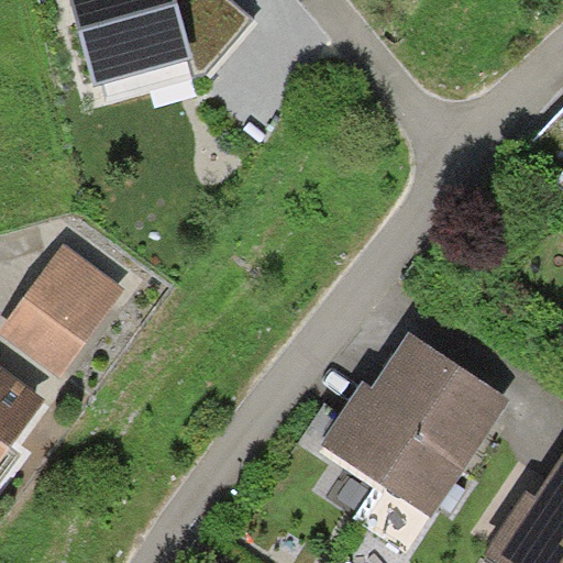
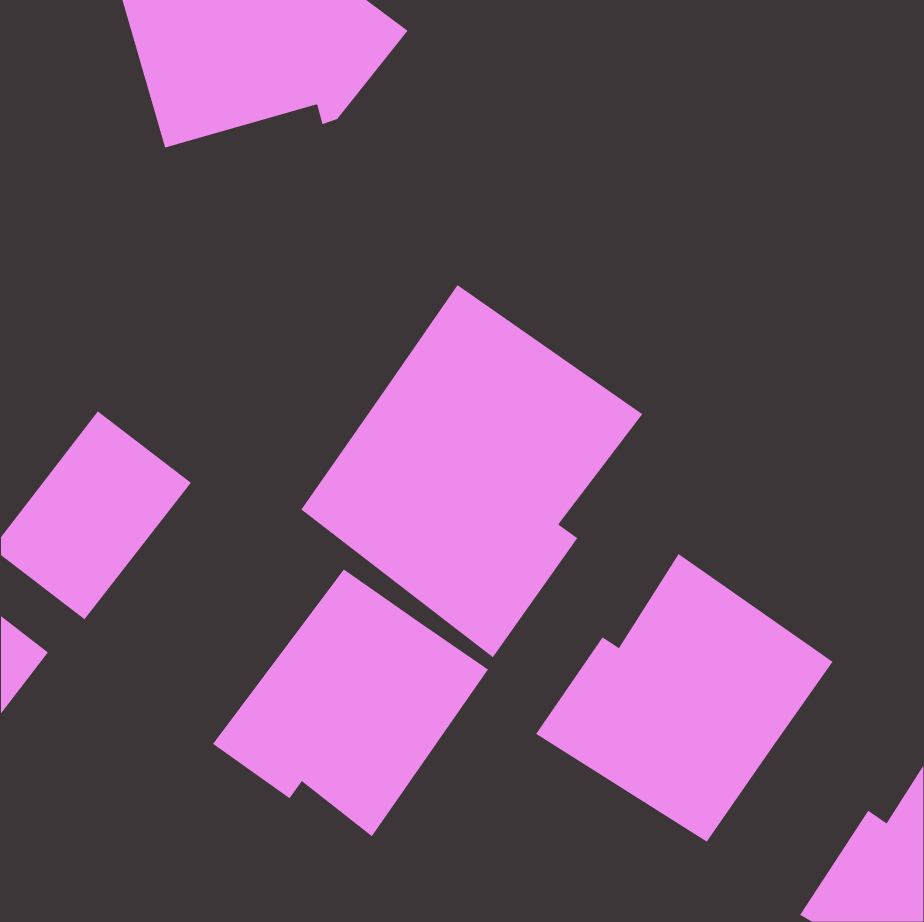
building: none -> [300,284,643,658]
building: none -> [212,569,489,837]

